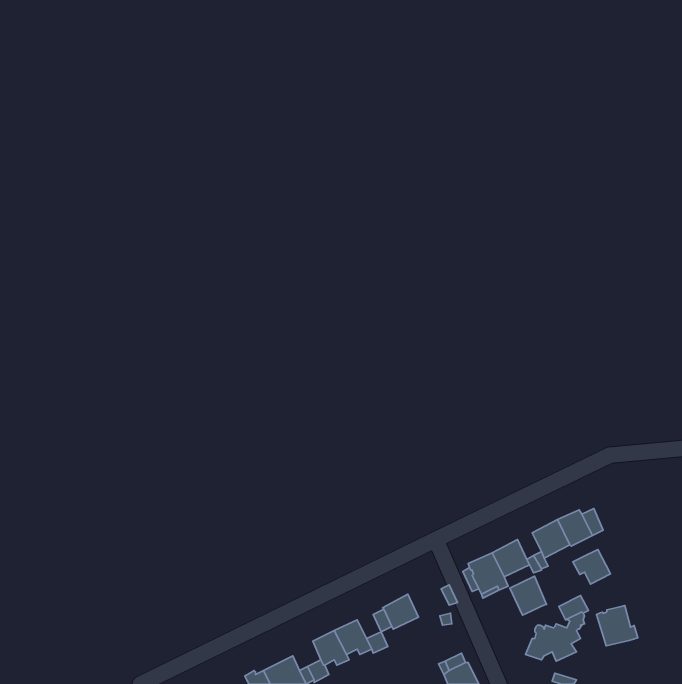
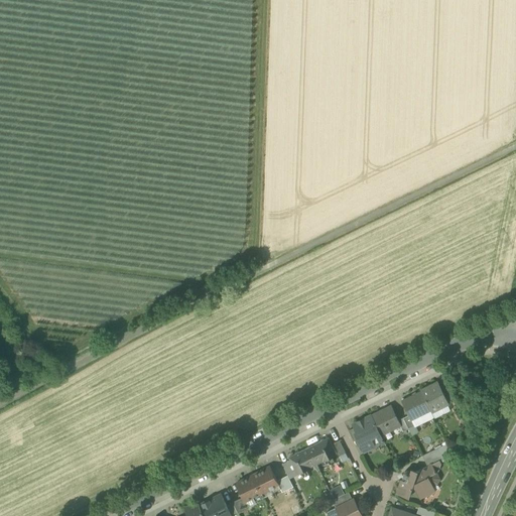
building: [573,549,611,584] -> none
building: [510,576,547,615] -> none
building: none -> [307,438,336,465]
building: [597,605,638,646] -> none

